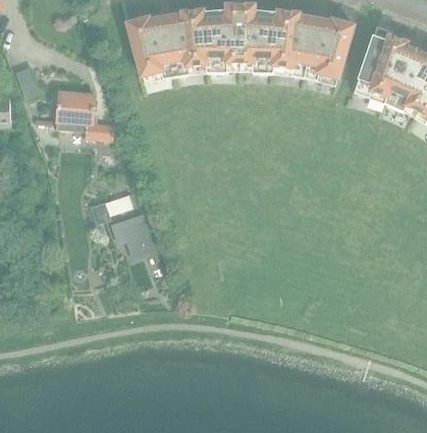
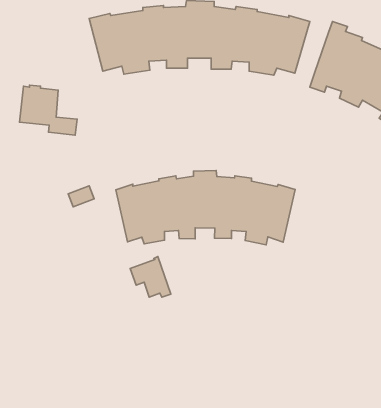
building: none -> [116,171,295,245]
building: [112,212,154,254] -> [130,256,171,297]

